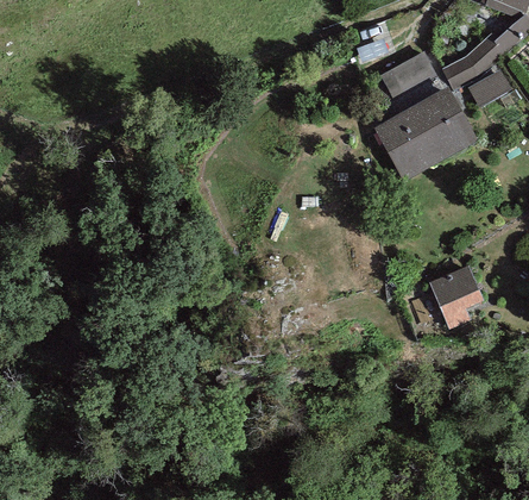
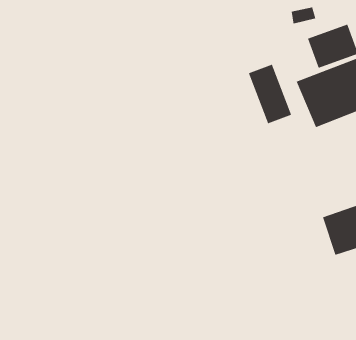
building: none -> [248,64,292,124]

